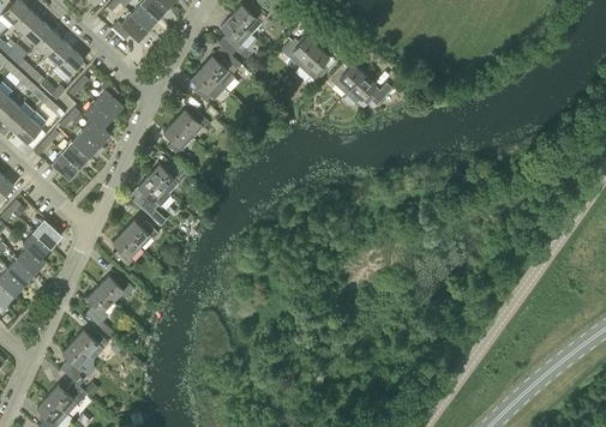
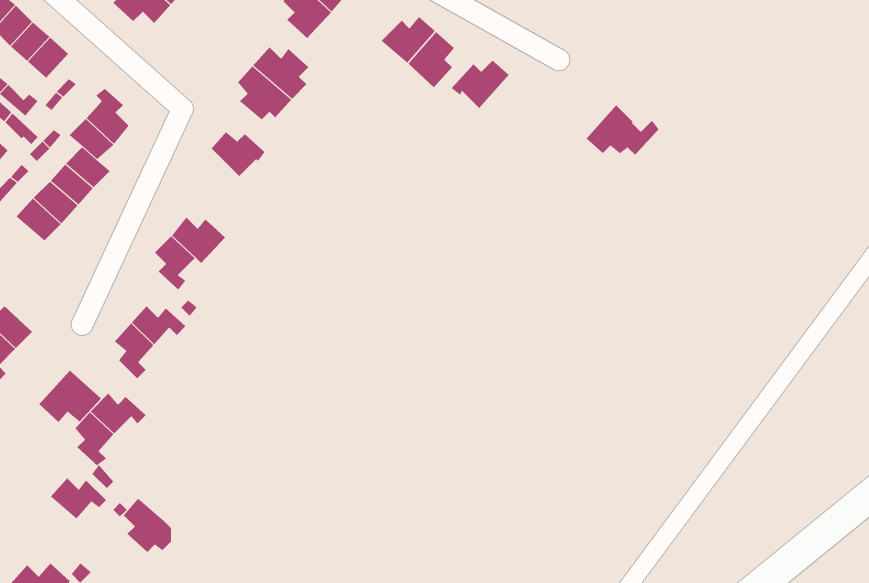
building: [344,73,391,106] -> [586,105,660,156]
building: [163,120,192,156] -> none
building: none -> [39,370,102,423]
building: [62,341,94,375] -> [123,498,172,553]

